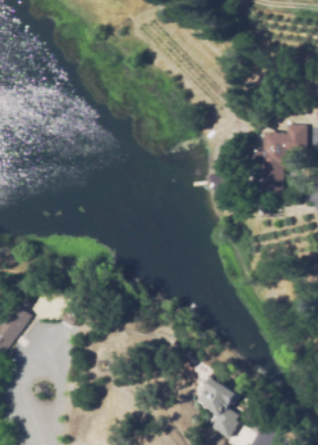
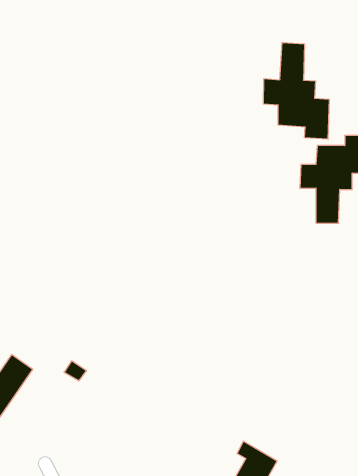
building: none -> [263,42,329,139]

